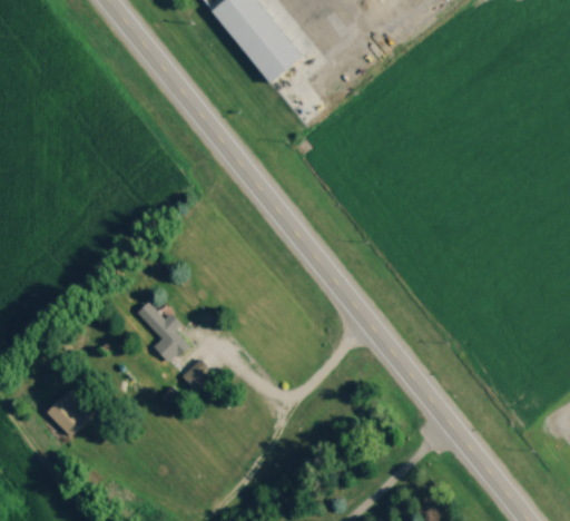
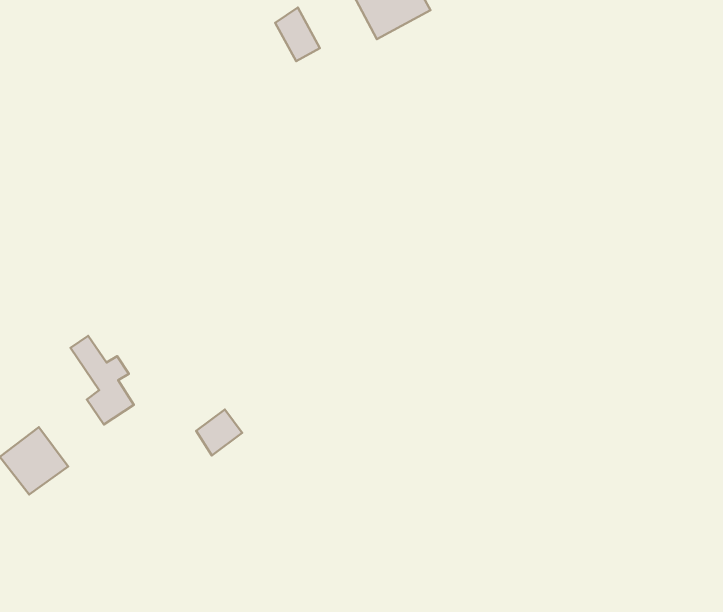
building: none -> [275,7,320,61]
building: [136,301,186,361] -> [70,336,134,424]

